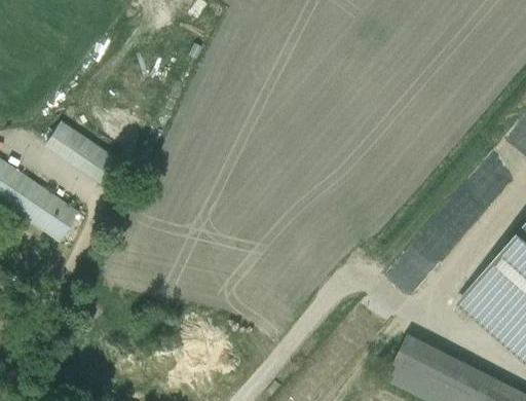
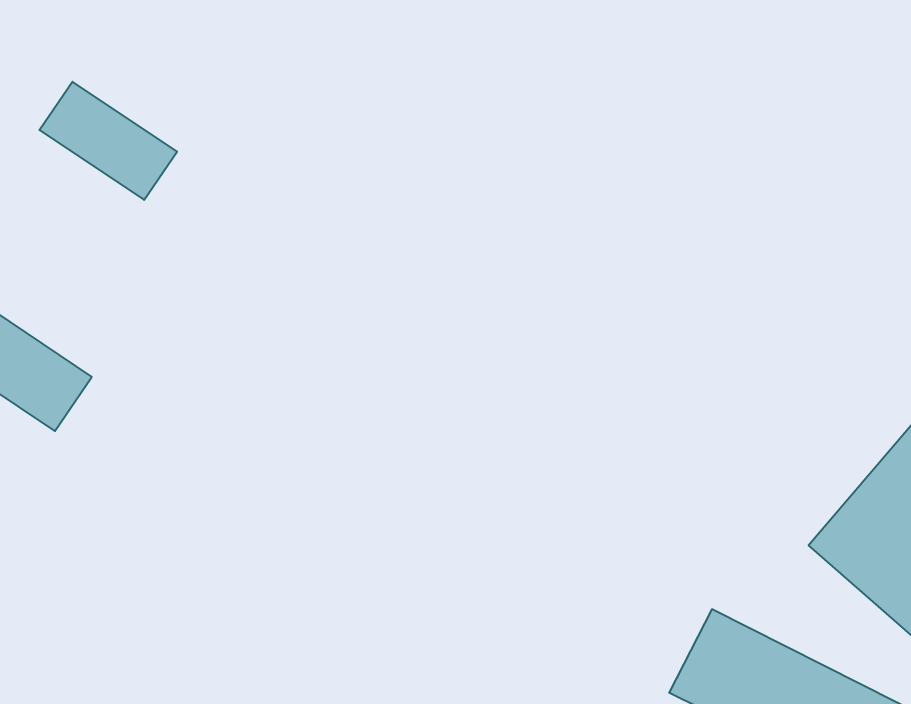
building: [42,120,115,183] -> [39,82,177,200]

